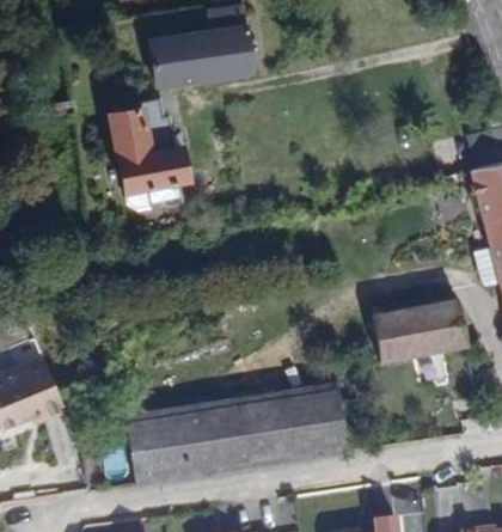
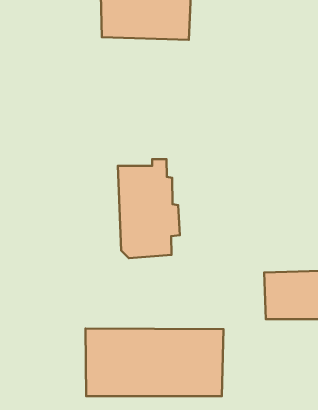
building: [110,97,189,210] -> [118,159,180,258]
building: [126,403,201,485] -> none

